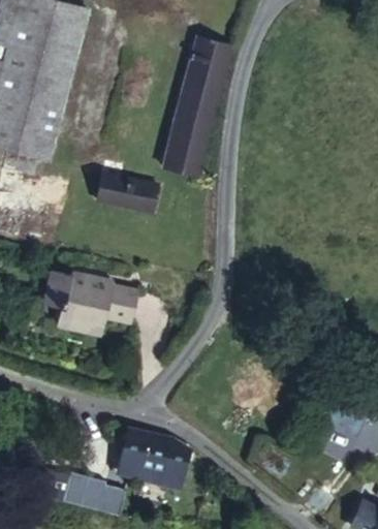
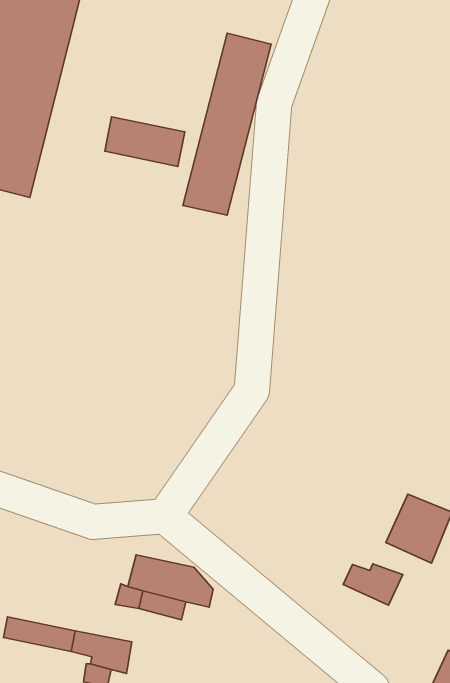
building: [98,174,158,211] -> [105,117,185,166]
building: [43,269,136,338] -> none
building: none -> [343,564,403,605]

